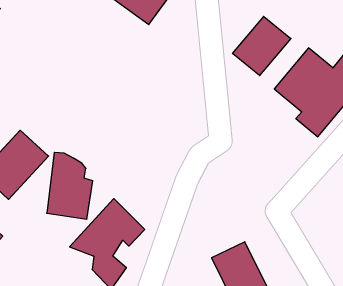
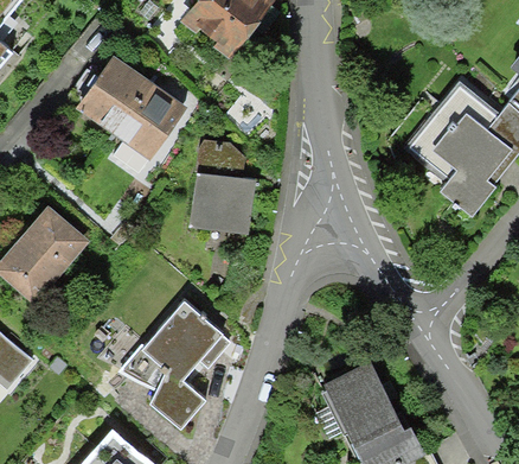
building: [233,16,291,76] -> none
building: none -> [76,57,180,172]
building: [47,152,93,219] -> [190,139,255,234]

